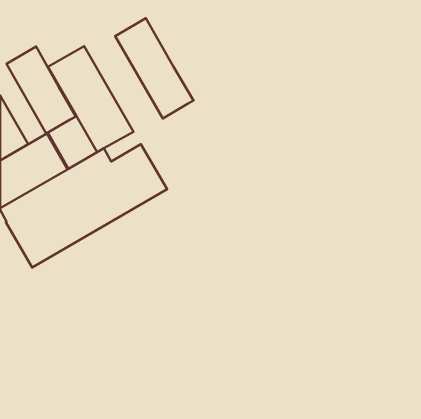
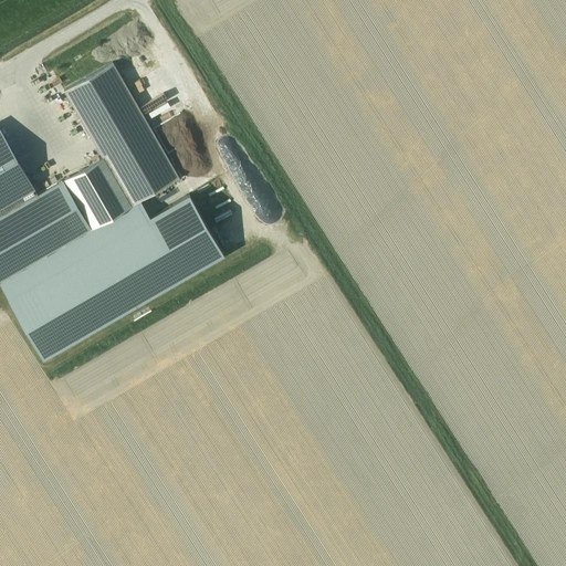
building: [115,18,193,119] -> none
building: [6,47,76,134] -> none

